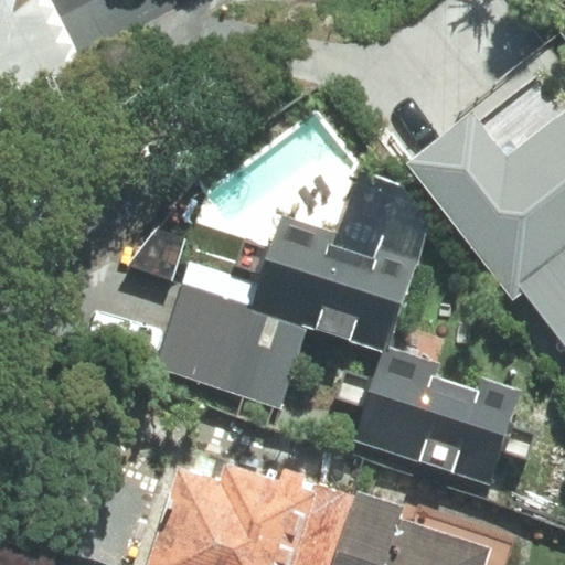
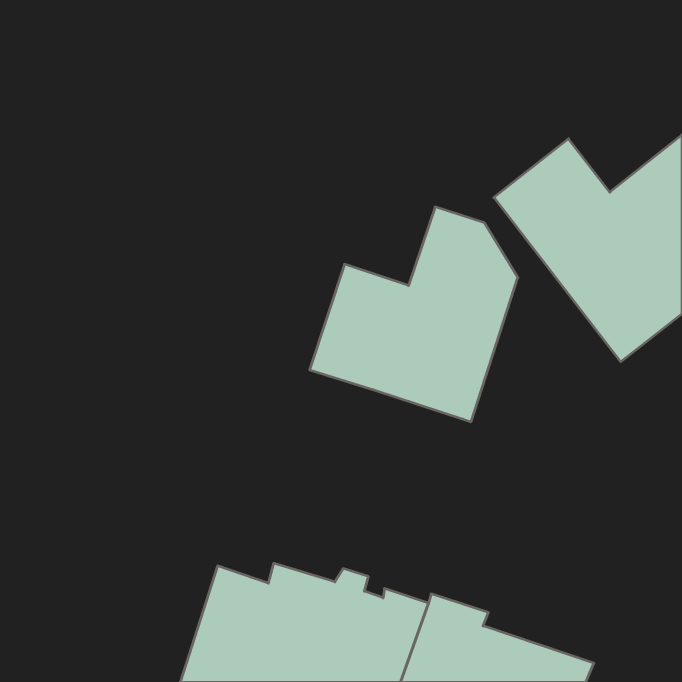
building: [154,281,309,407] -> none
building: [352,347,520,486] -> none

